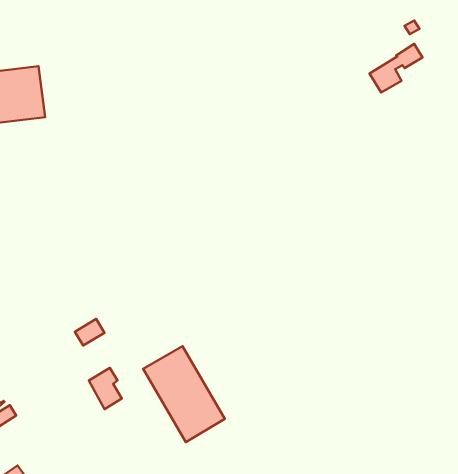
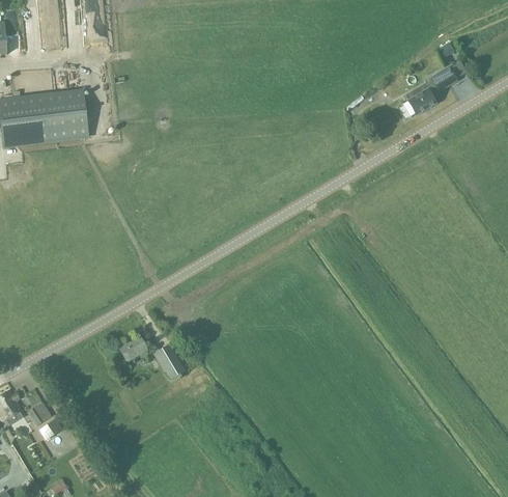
building: [143,346,225,442] -> none
building: [89,368,122,409] -> [153,339,186,380]

